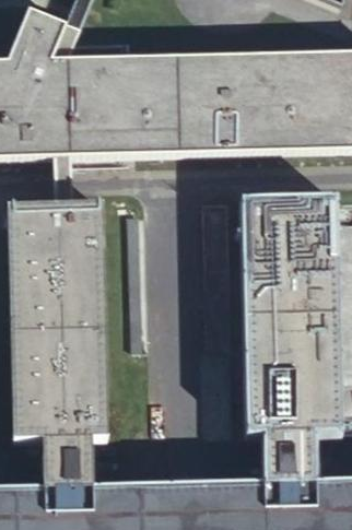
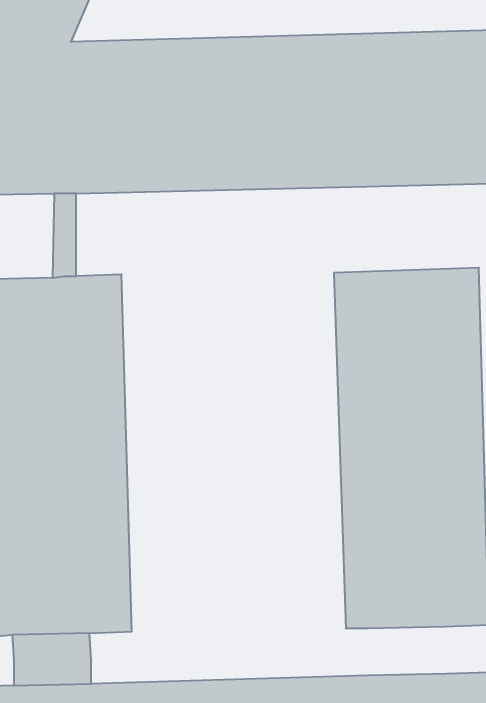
building: [262,440,314,472] -> none

